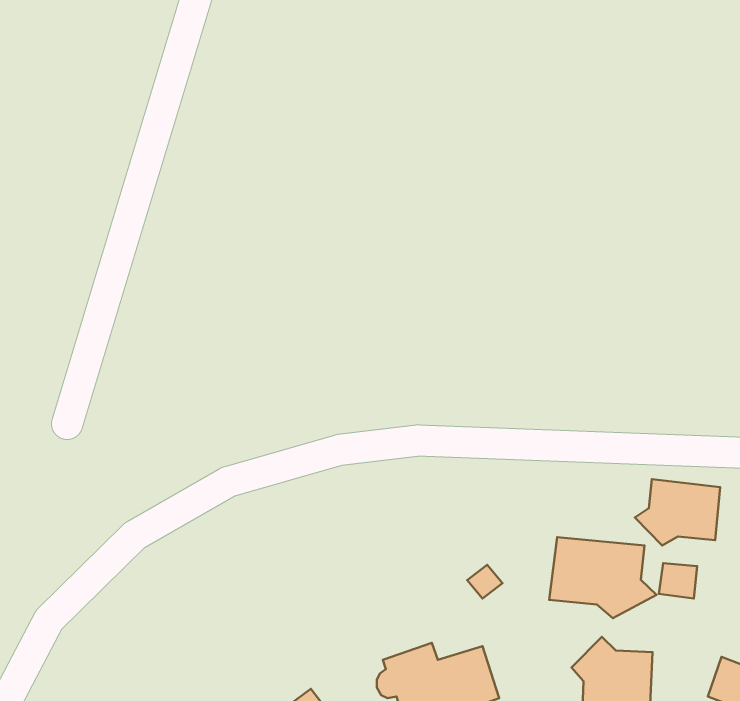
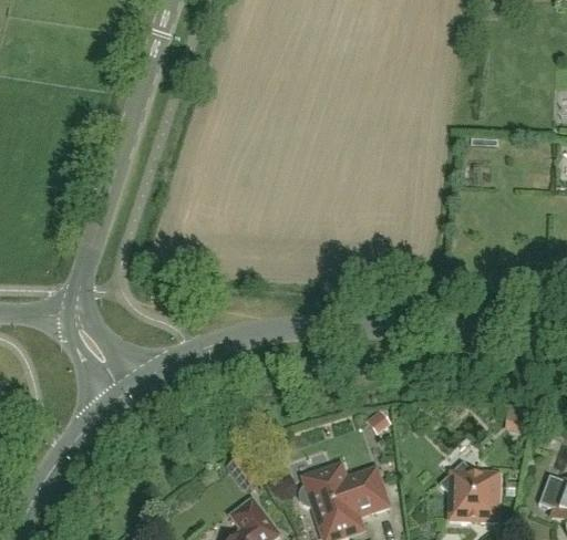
building: [635,479,720,545] -> none
building: [549,537,657,618] -> none

